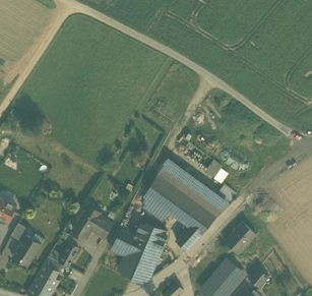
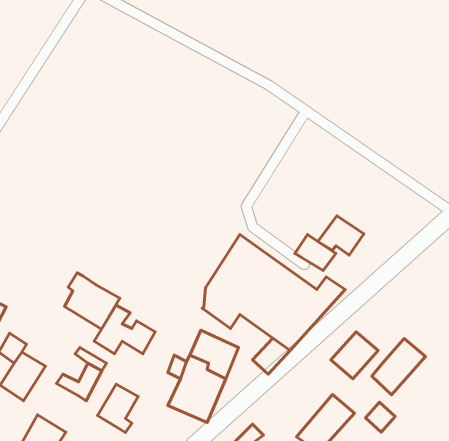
building: none -> [318,216,364,255]
building: none -> [64,273,120,329]
building: none -> [372,339,425,395]
building: [36,255,62,287] -> [97,384,138,433]

